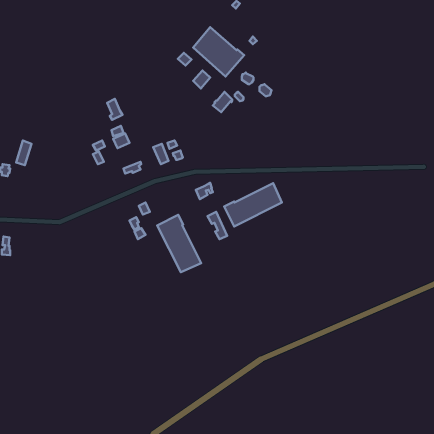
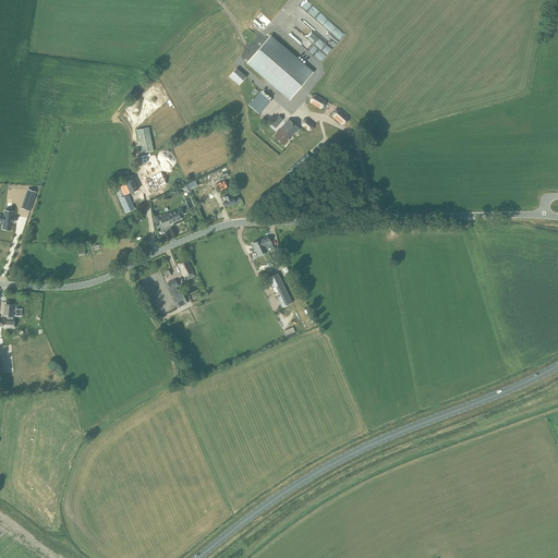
building: [224,183,282,227] -> none
building: [157,215,201,272] -> none

